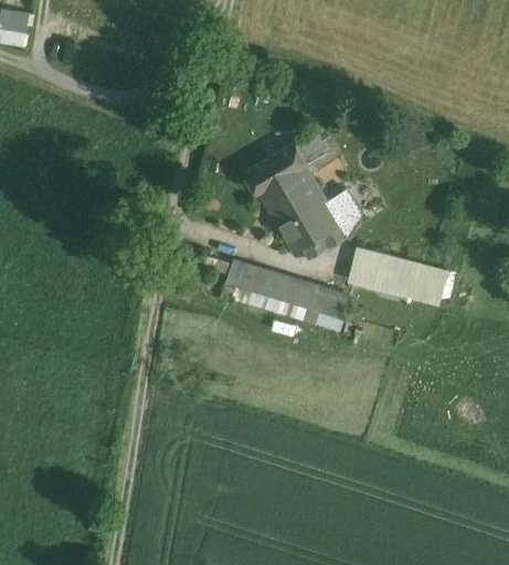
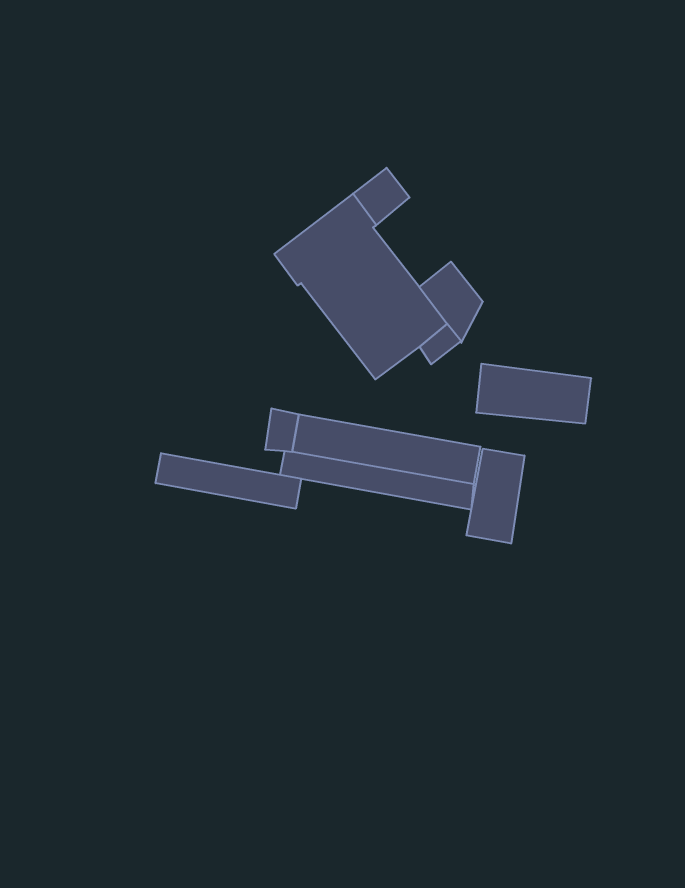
building: [411,265,444,297] -> none
building: none -> [156,453,301,509]
building: none -> [466,449,524,544]

